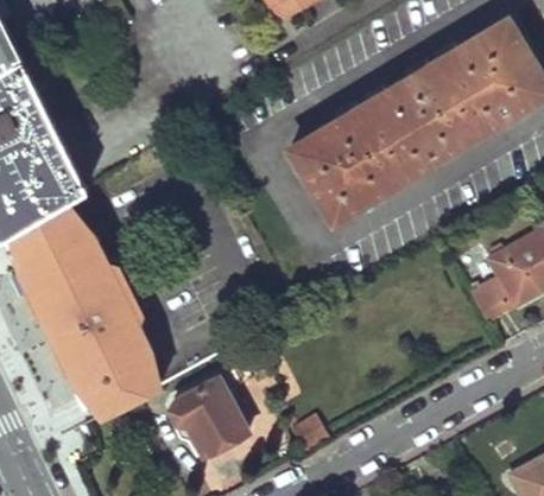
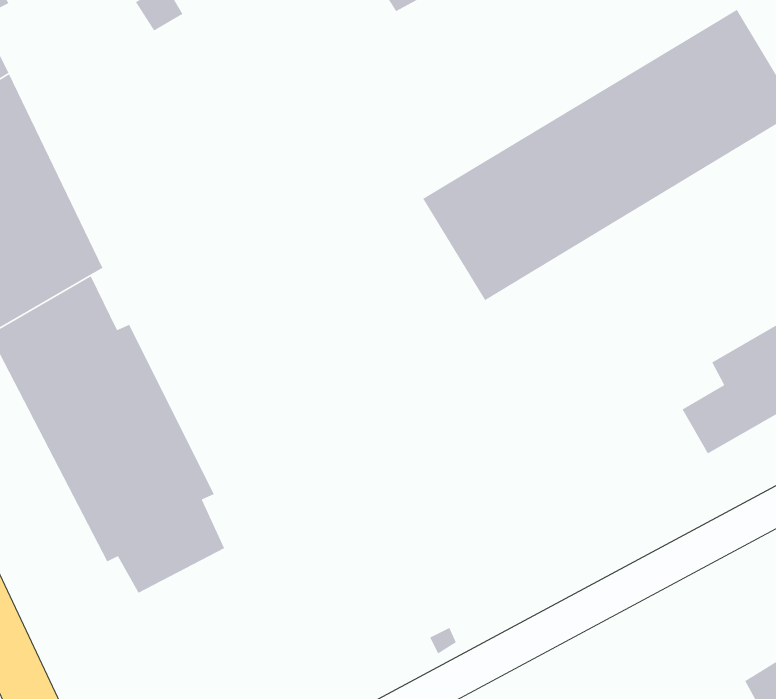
building: [170,363,252,456] -> none

